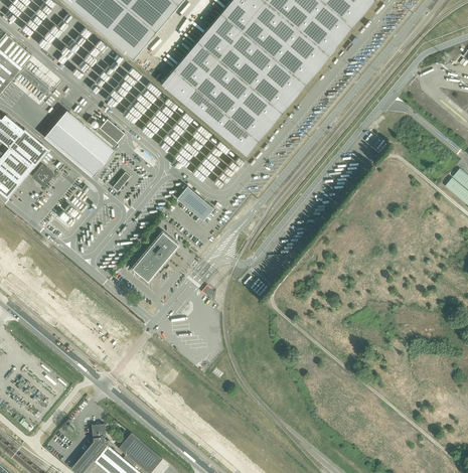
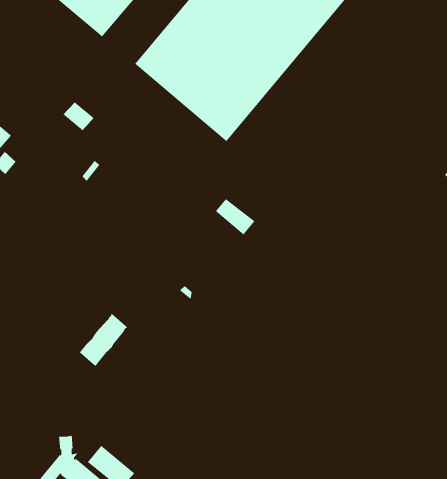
building: [44,111,115,178] -> none
building: [177,185,214,219] -> [215,198,256,235]
building: [132,231,177,281] -> [79,313,128,367]

